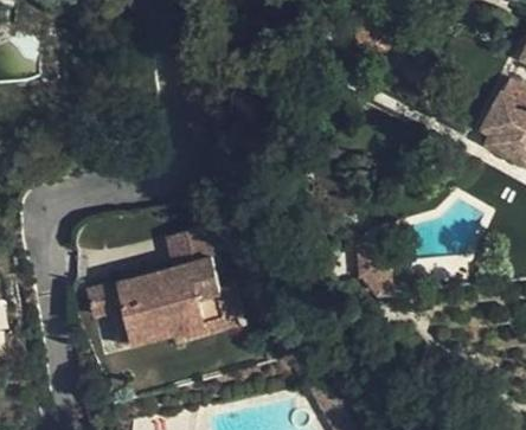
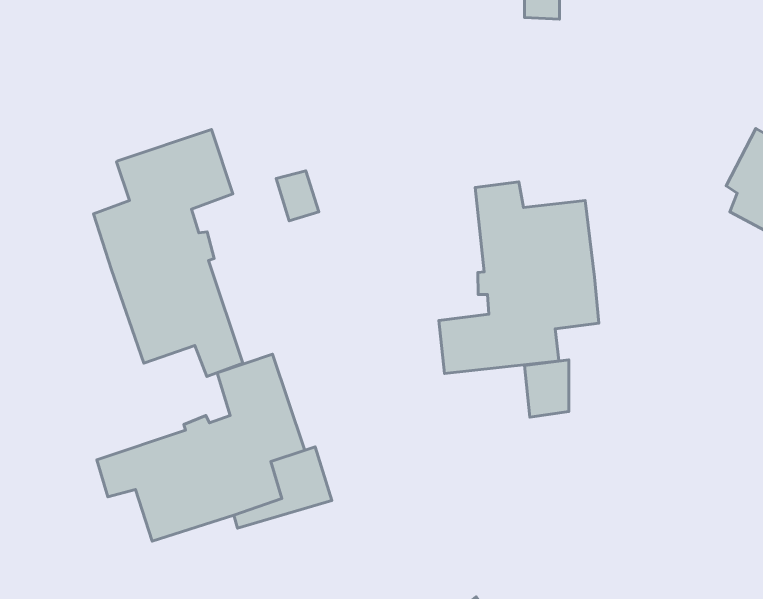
building: none -> [93,130,243,377]
building: none -> [439,182,599,373]

